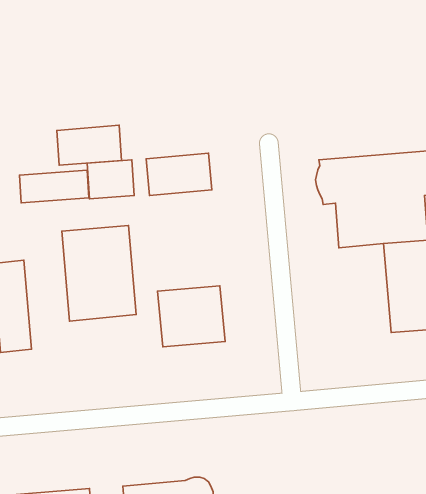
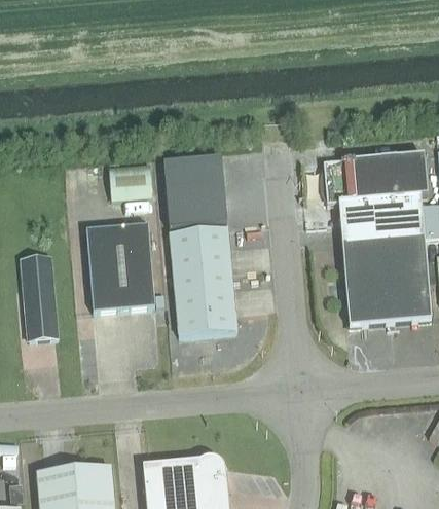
building: [57,125,121,165] -> [167,189,226,226]
building: [19,170,89,203] -> none
building: none -> [169,226,231,283]
building: none -> [341,239,390,325]

